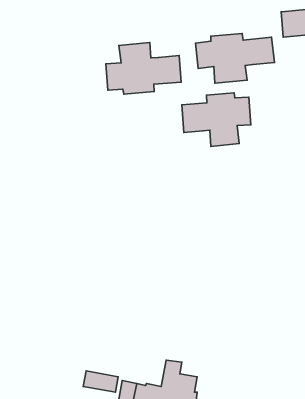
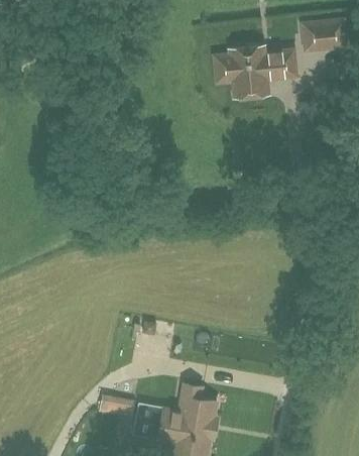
building: [106,43,181,94] -> none
building: [182,93,251,146] -> none

